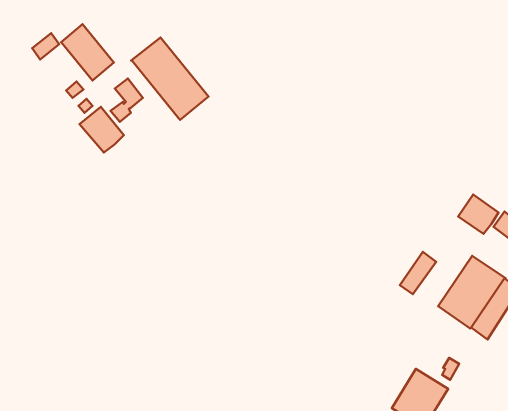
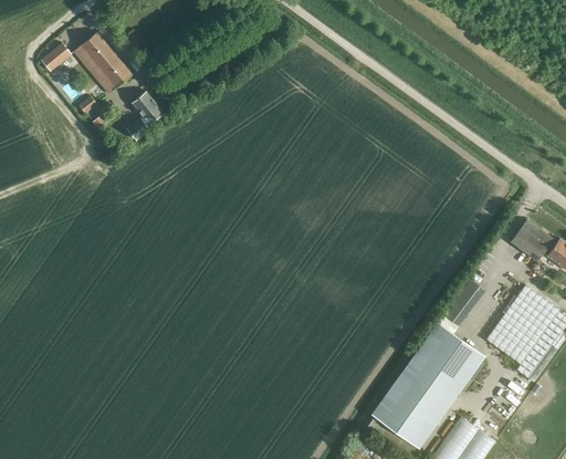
building: [131,37,209,120] -> none
building: [80,107,124,152] -> none
building: none -> [373,323,483,446]

